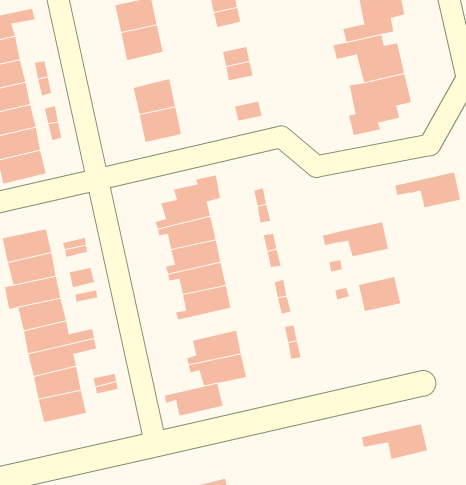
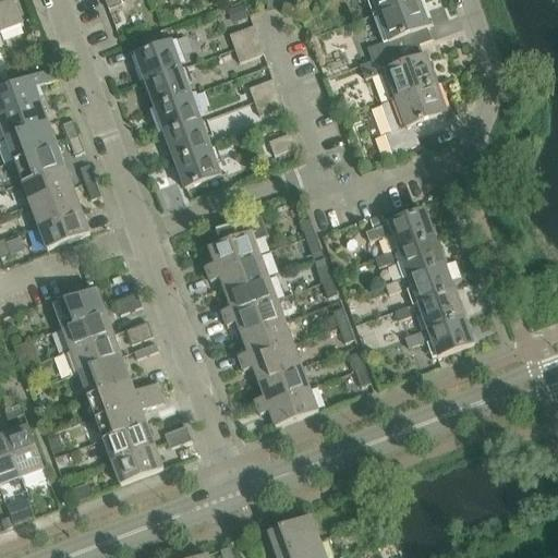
building: none -> [154,93,199,133]
building: [394,172,461,208] -> [364,207,433,247]
building: none -> [407,260,452,301]
building: [164,383,224,416] -> [240,341,301,379]
building: [361,424,428,460] -> [403,314,472,354]

